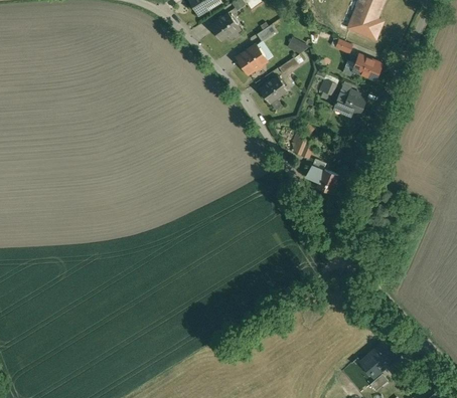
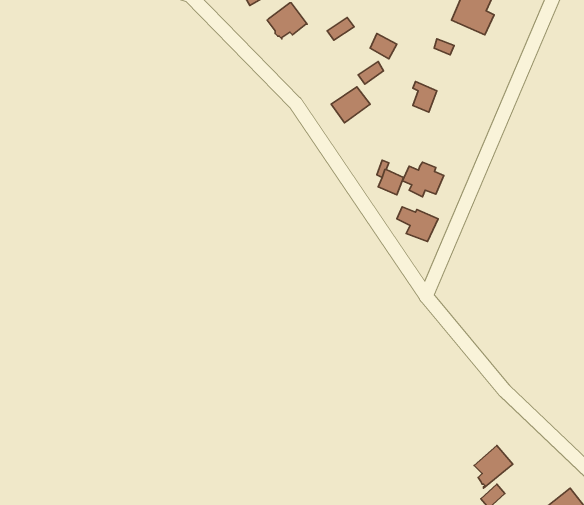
building: [236,46,266,74] -> none
building: [350,54,380,80] -> none
building: [334,90,365,117] -> [402,162,444,197]

